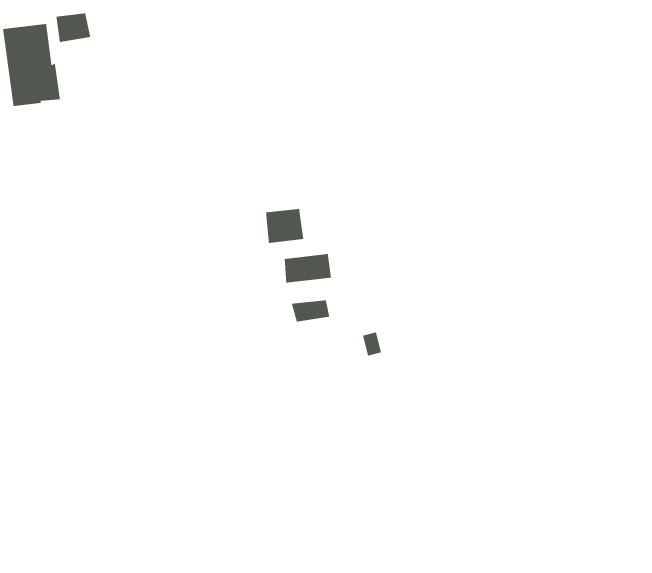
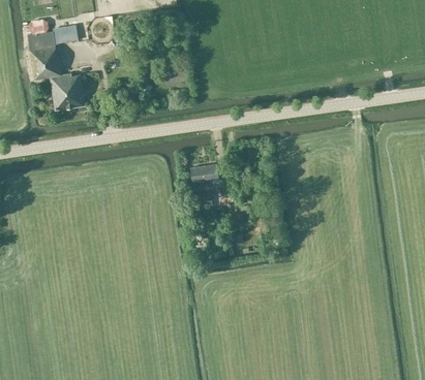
building: none -> [51,73,85,110]
building: [265,208,304,244] -> none

